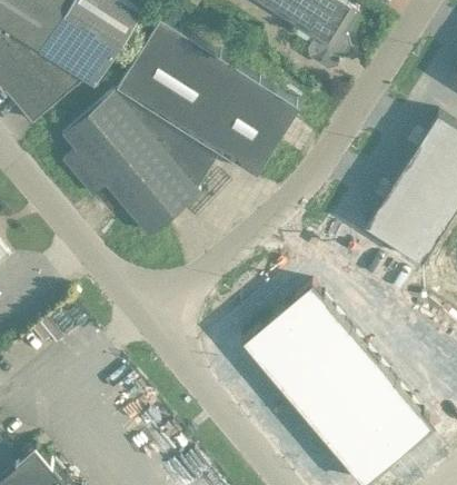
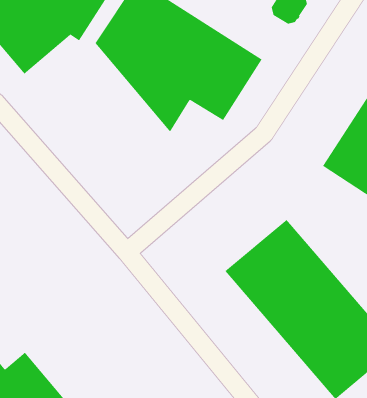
building: [60,90,198,236] -> none

